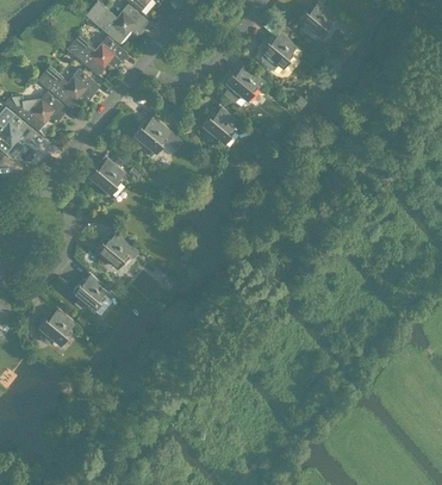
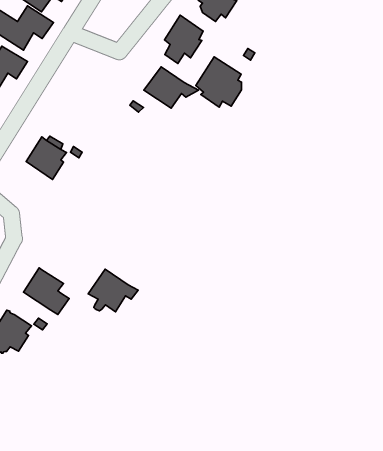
building: none -> [196,57,242,107]
building: [133,113,182,153] -> none
building: [94,229,139,268] -> [88,269,138,312]

